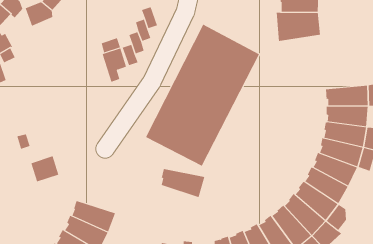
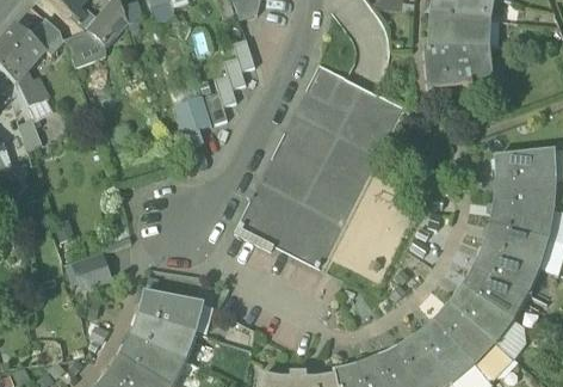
building: [161,168,205,198] -> [141,291,204,333]

